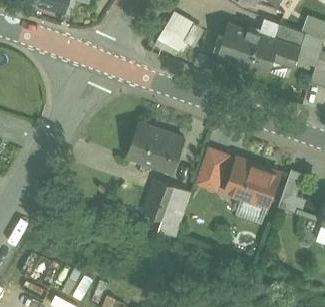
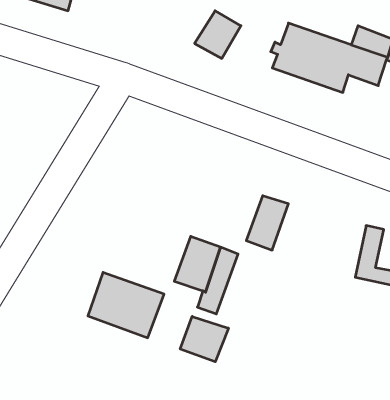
building: [127,124,184,173] -> [88,272,164,338]
building: [225,160,278,207] -> none
building: none -> [180,316,228,362]

